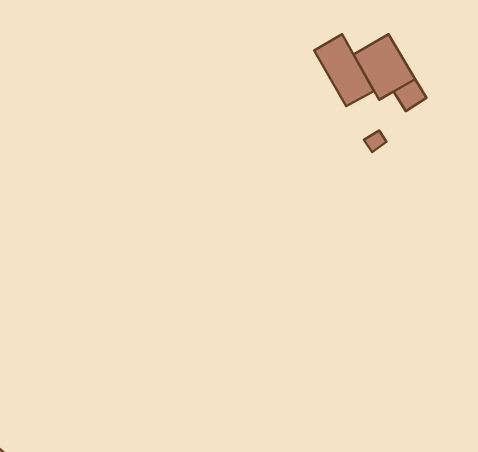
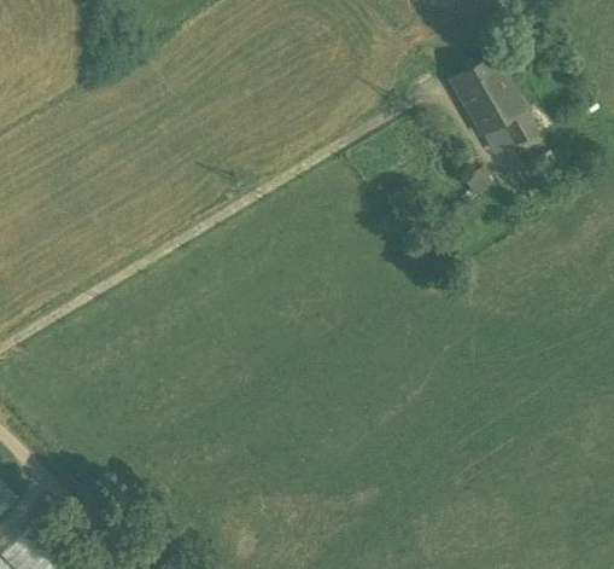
building: [314,34,374,106] -> none

